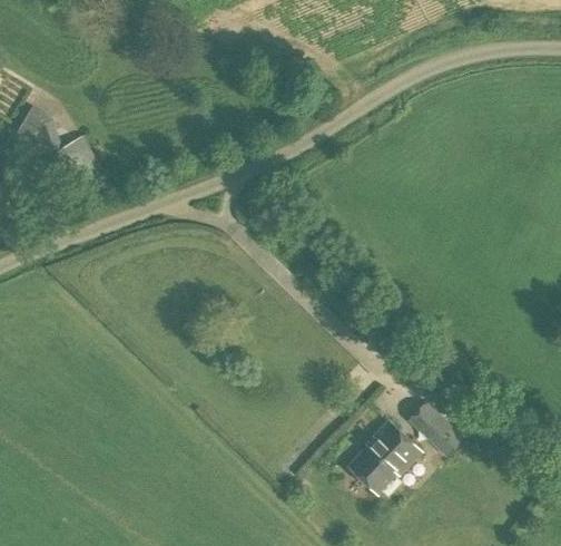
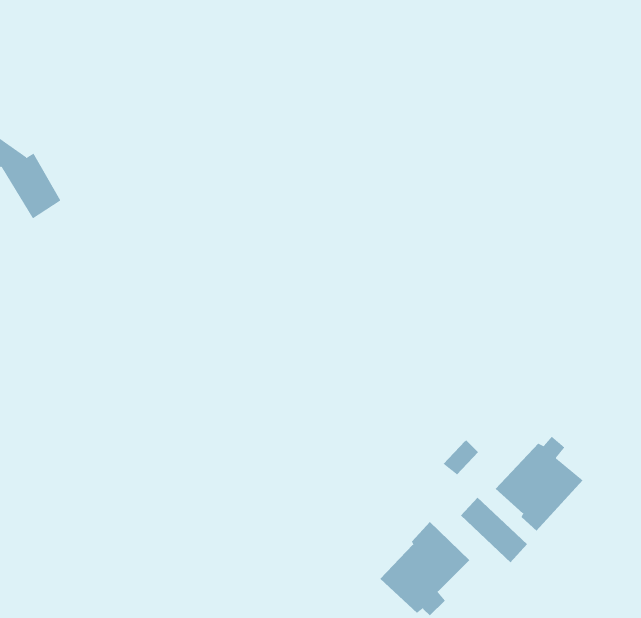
building: none -> [495,436,584,532]

